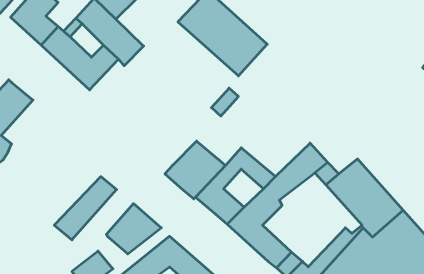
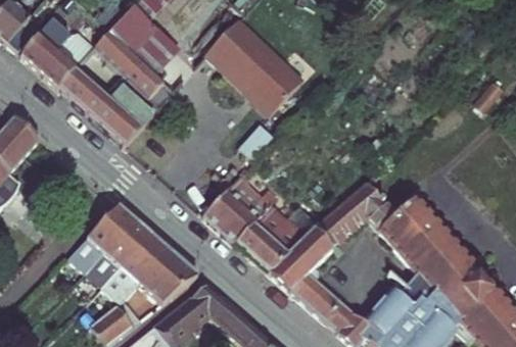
building: none -> [113,93,161,142]
building: none -> [49,206,126,281]
building: none -> [94,236,161,307]

